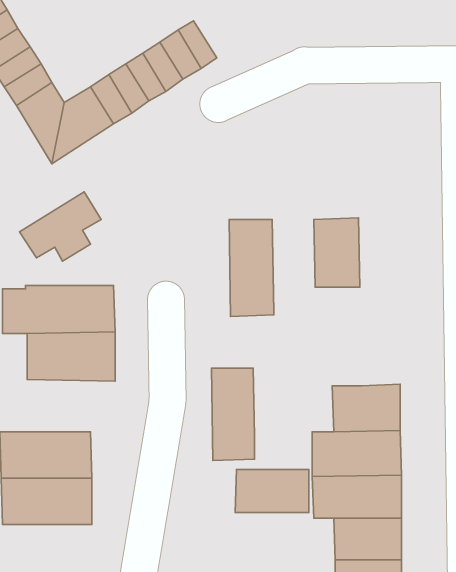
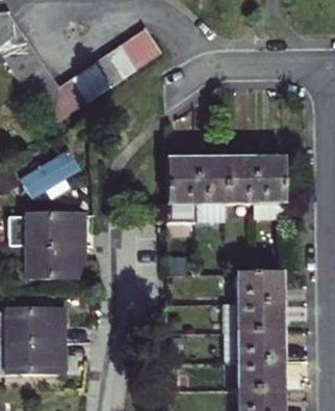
building: none -> [256,163,284,222]
building: [211,368,255,461] -> [198,164,227,226]
building: [235,469,309,512] -> none

